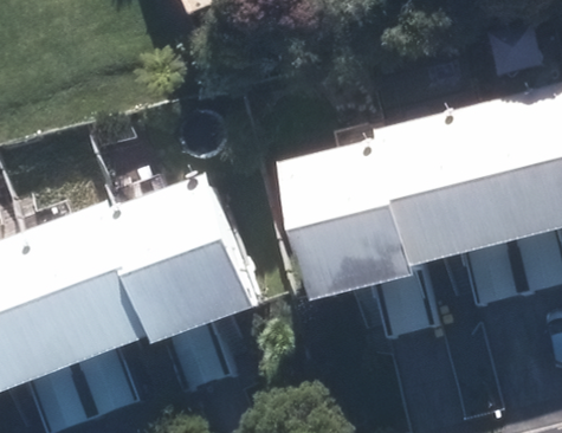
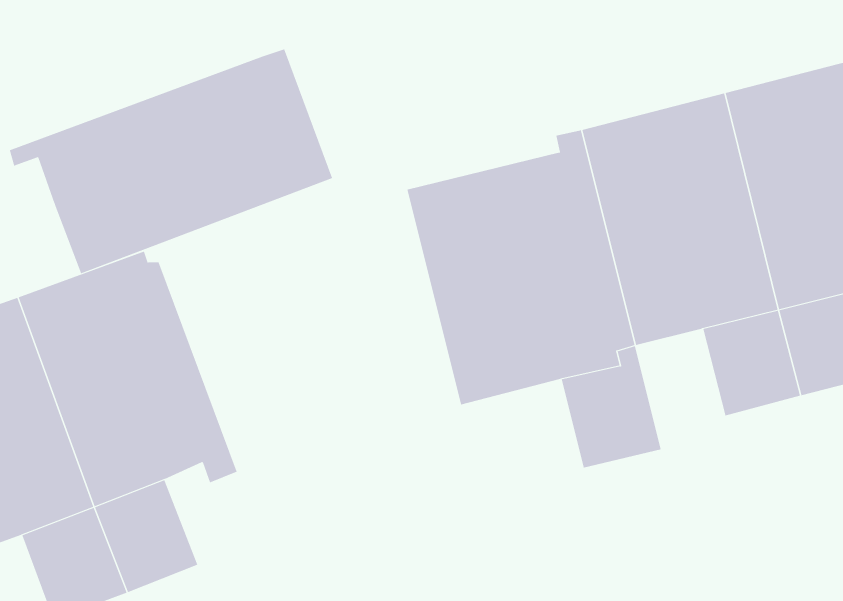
building: none -> [9,49,333,274]
building: [117,175,257,394] -> none

